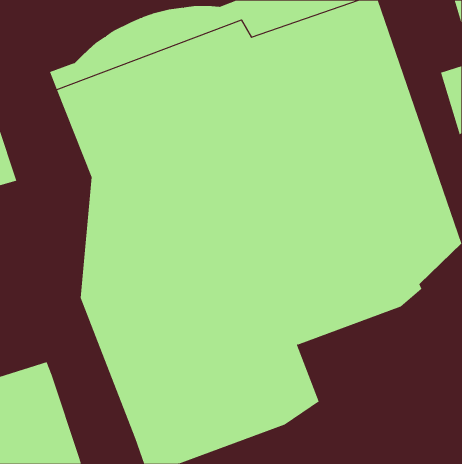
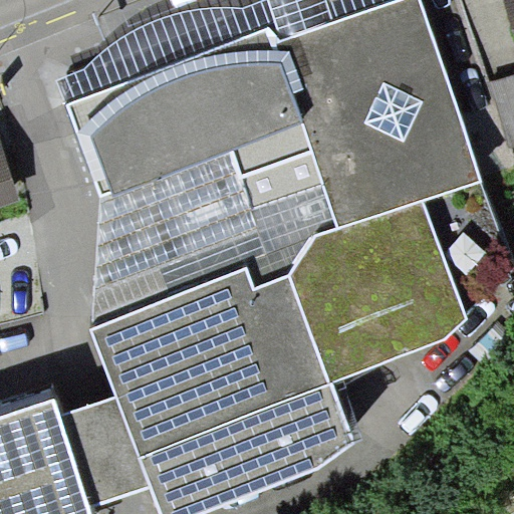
building: none -> [58,397,149,506]

